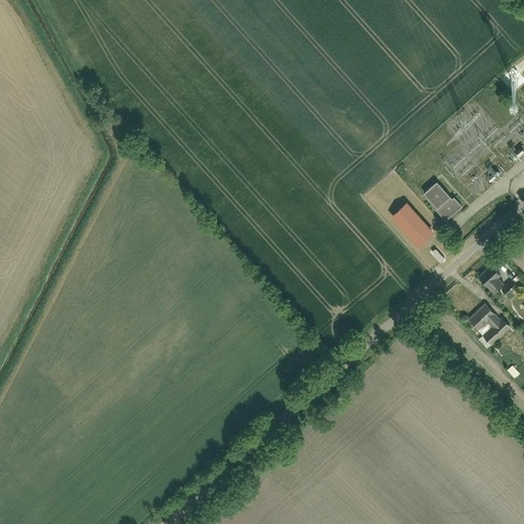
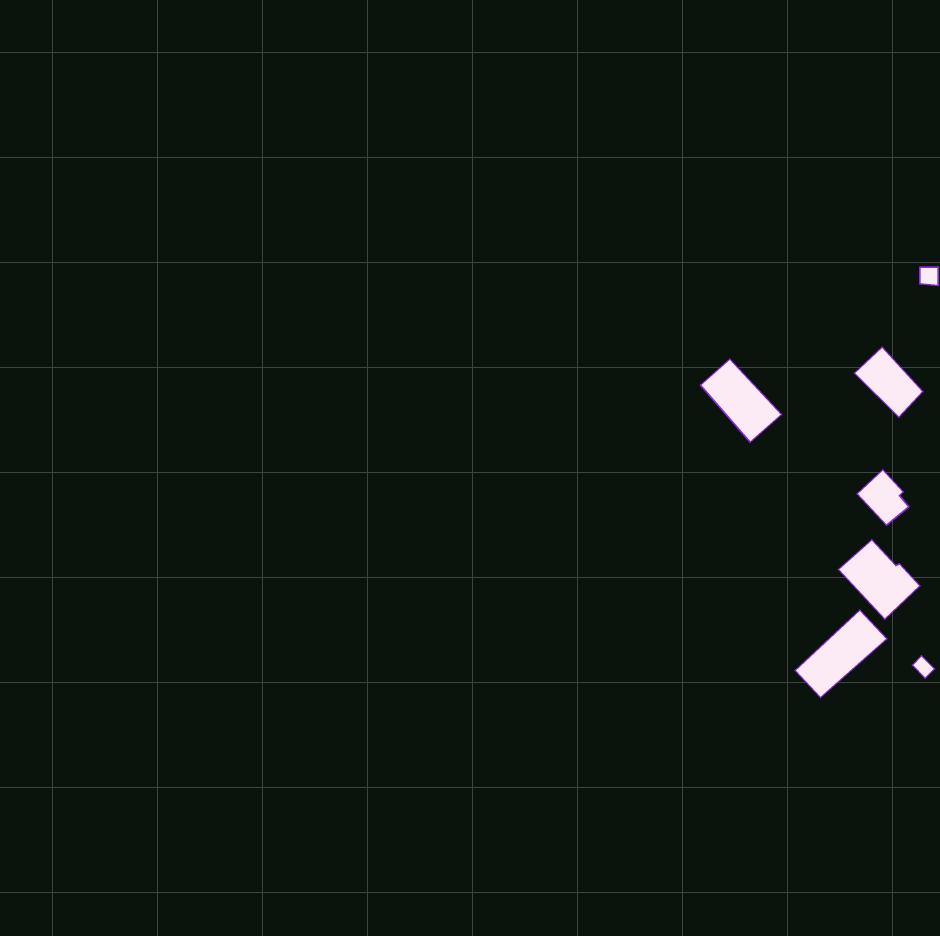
building: [423,181,461,220] -> [855,347,923,417]
building: none -> [795,610,887,698]

